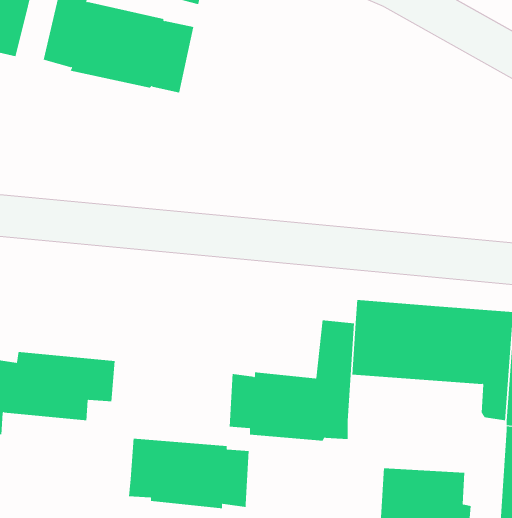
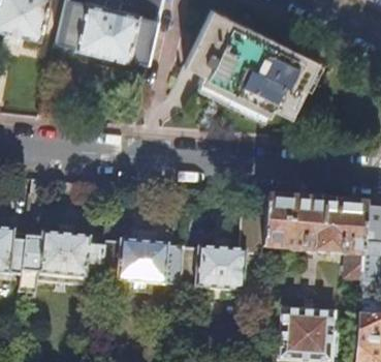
building: none -> [184,7,318,116]
building: [128,438,249,509] -> [102,238,182,284]

